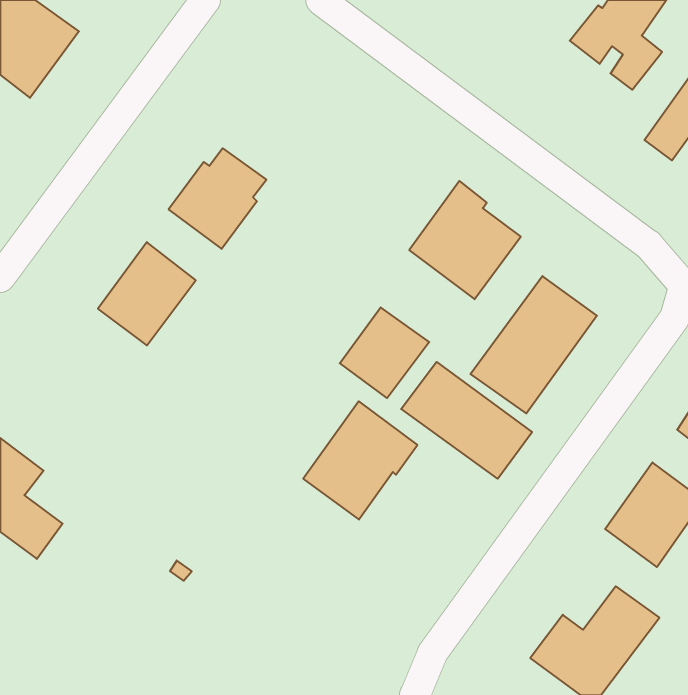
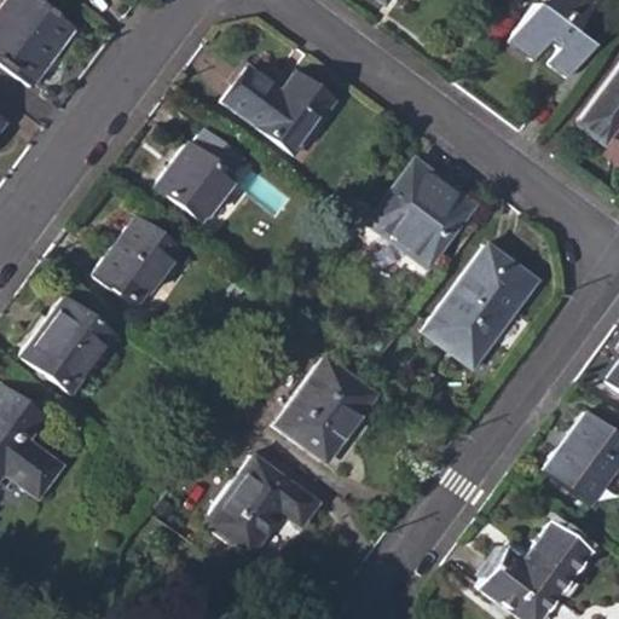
building: none -> [224,66,334,155]
building: [340,307,429,398] -> none
building: none -> [21,297,114,393]
building: [401,362,532,479] -> none
building: none -> [204,455,319,557]

